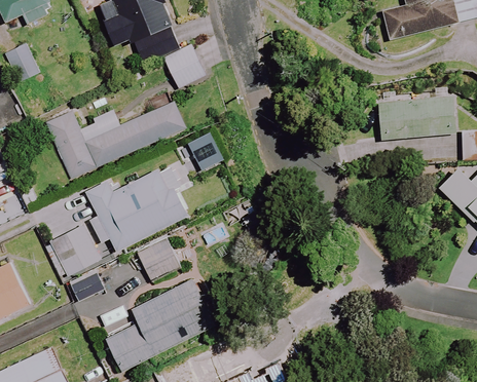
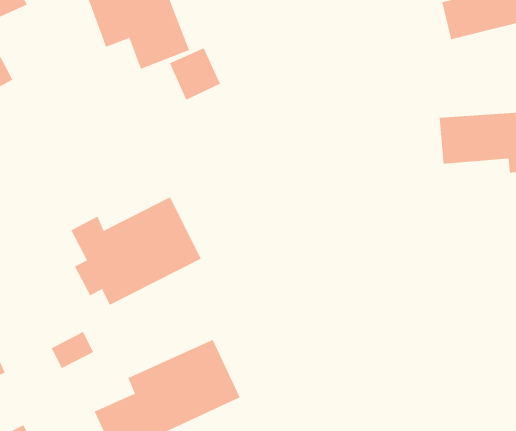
building: [44,101,185,179] -> none
building: [42,222,102,278] -> none
building: [135,234,182,281] -> none

